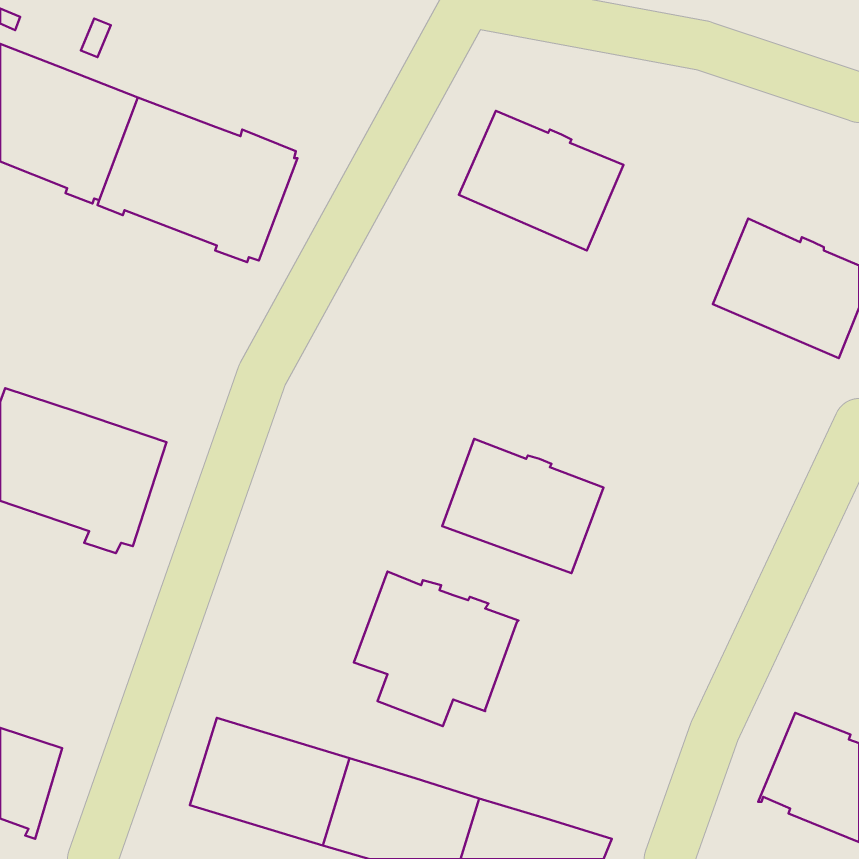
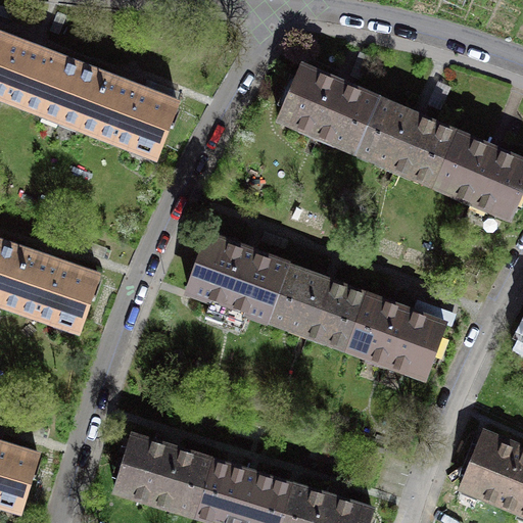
building: none -> [356,100,455,185]
building: none -> [347,296,444,377]
building: [354,572,519,726] -> [189,236,289,330]

